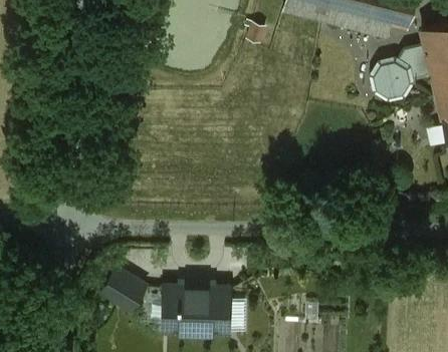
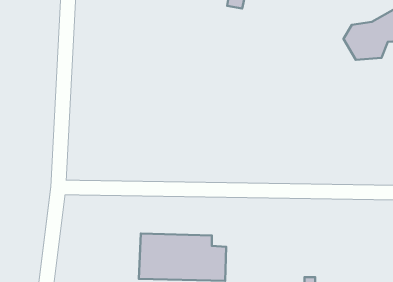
building: [96,262,148,311] -> none

